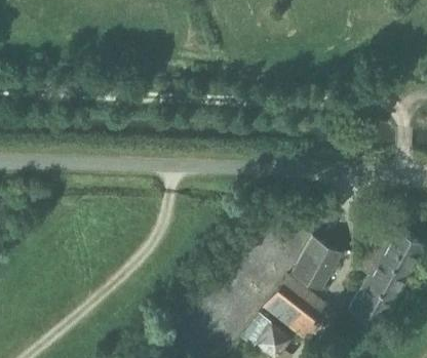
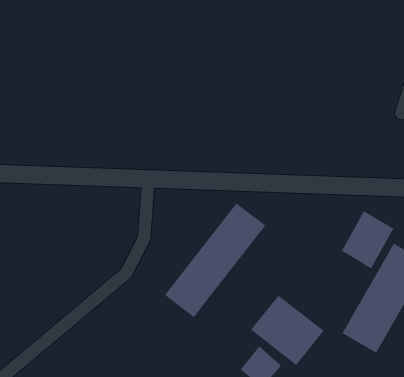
building: none -> [164,202,266,318]
building: [293,237,341,290] -> [341,210,394,269]

